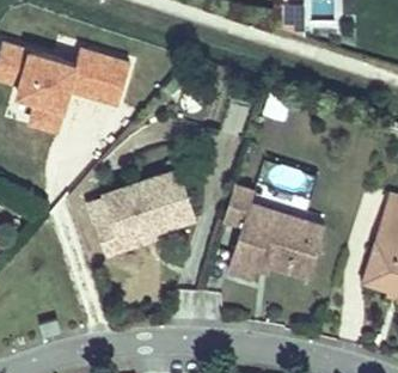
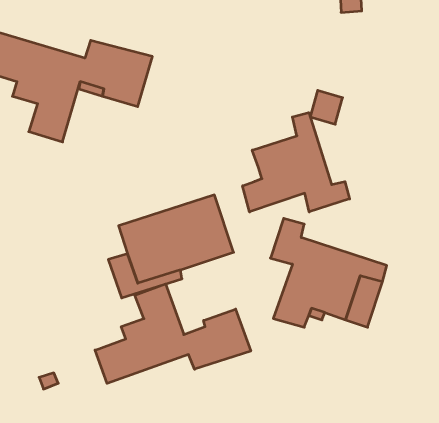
building: none -> [243,113,350,212]
building: none -> [95,284,251,383]

